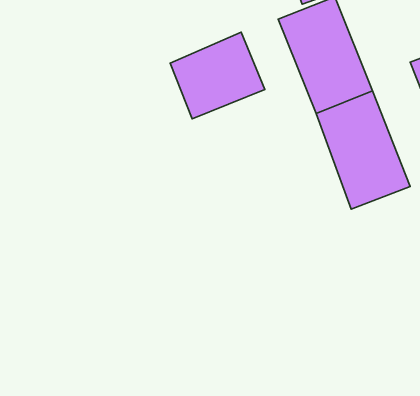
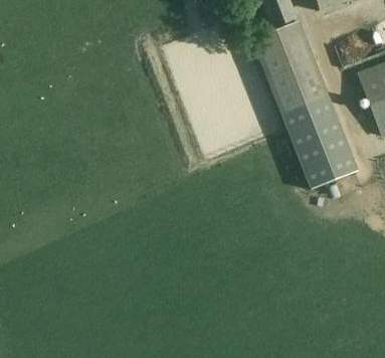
building: [170,32,265,119] -> none

